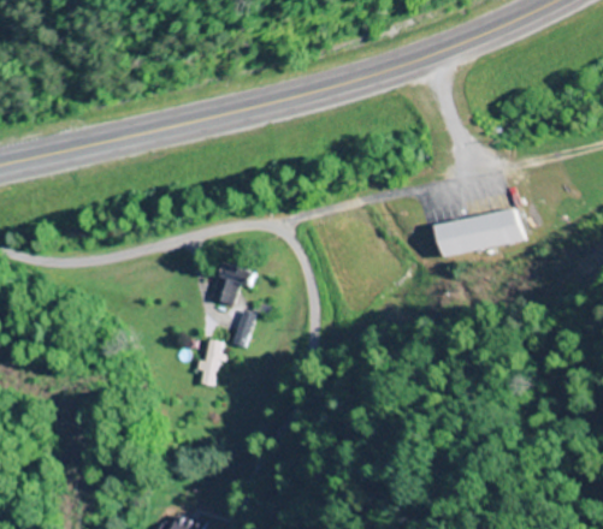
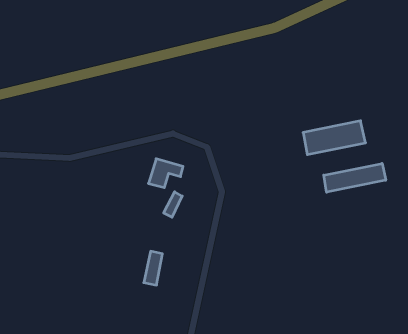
building: none -> [324,163,386,192]
building: [197,339,224,387] -> [144,251,162,285]

